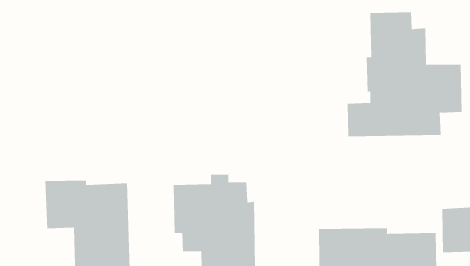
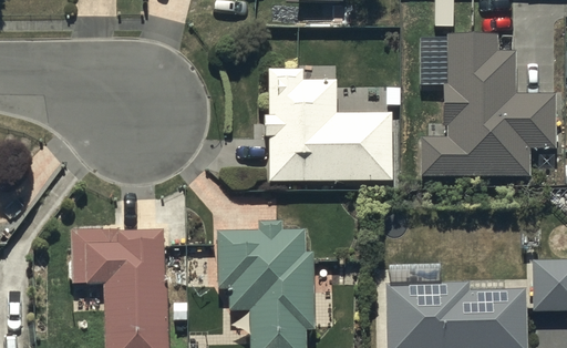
building: none -> [264,68,393,184]

